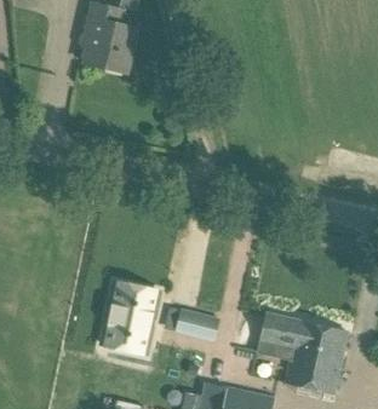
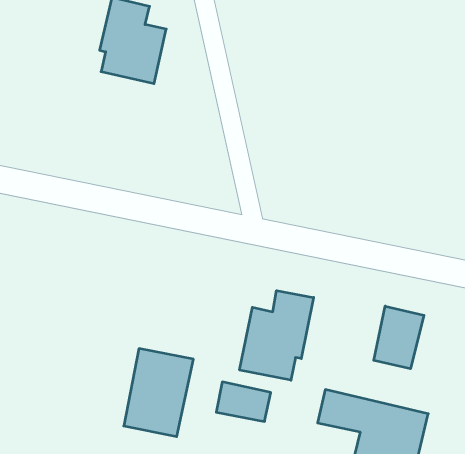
building: none -> [240,291,314,380]
building: none -> [374,306,424,369]

